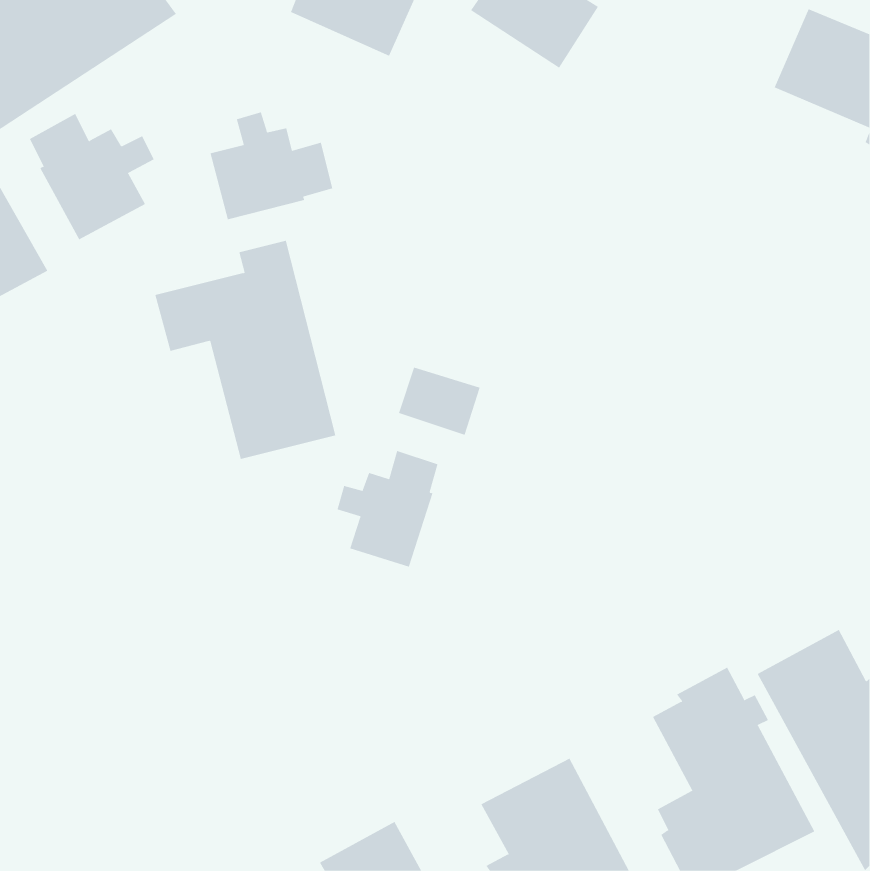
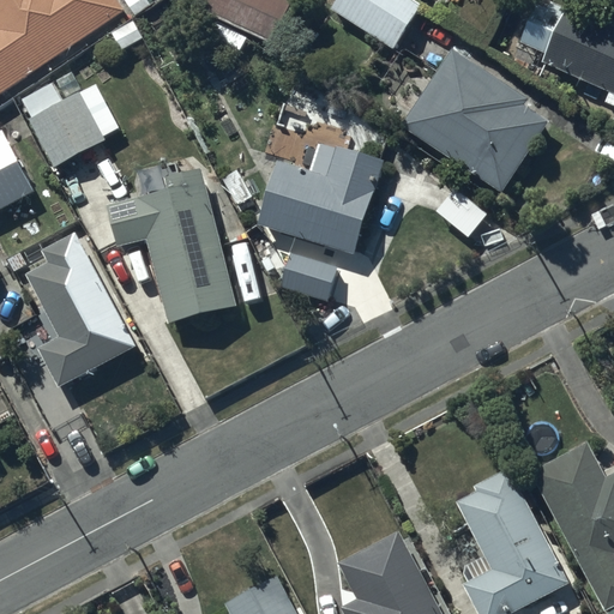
building: none -> [401,47,550,193]
building: [210,112,333,220] -> none
building: none -> [257,142,385,255]
building: none -> [25,231,136,386]
building: [337,450,438,568] -> none

